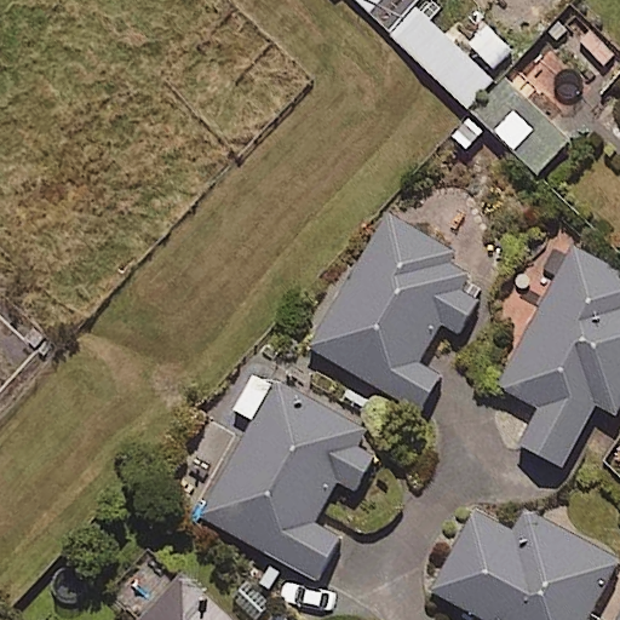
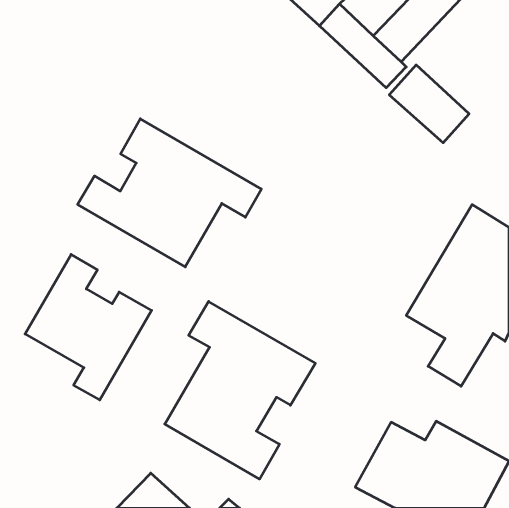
building: none -> [78,119,261,267]
building: [309,213,486,411] -> none
building: none -> [25,254,152,400]

